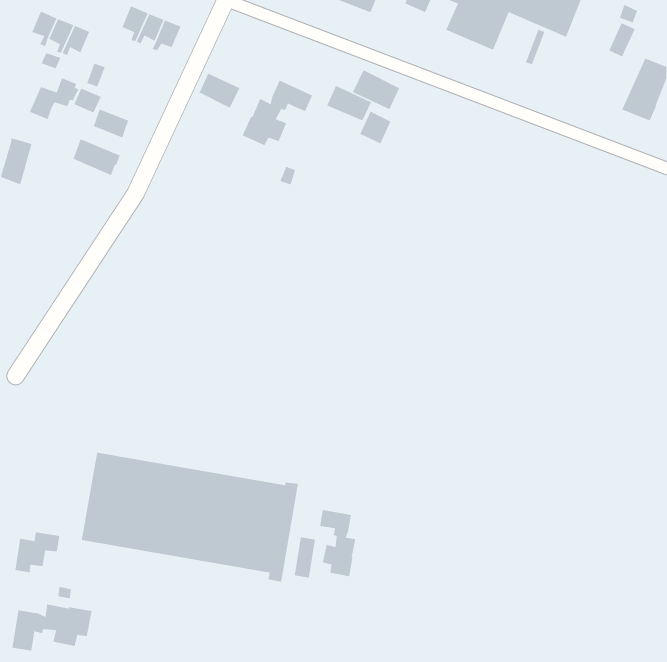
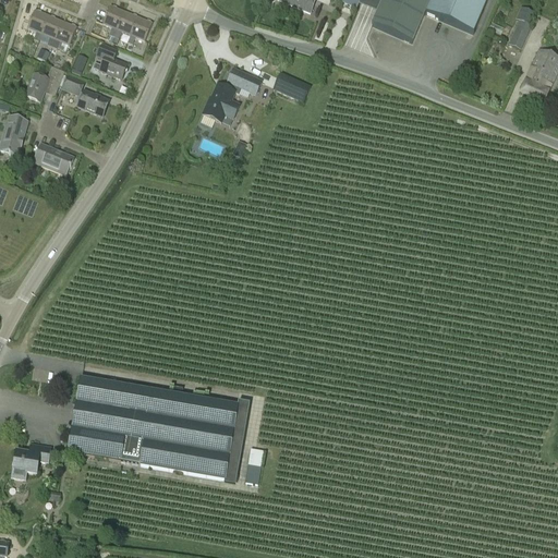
building: none -> [93,43,126,78]
building: [352,69,400,110] -> none
building: [199,72,241,109] -> none
building: [359,111,392,145] -> none
building: [72,138,121,176] -> [34,143,74,174]
building: [319,509,356,577] -> none
building: [11,604,92,652] -> none

